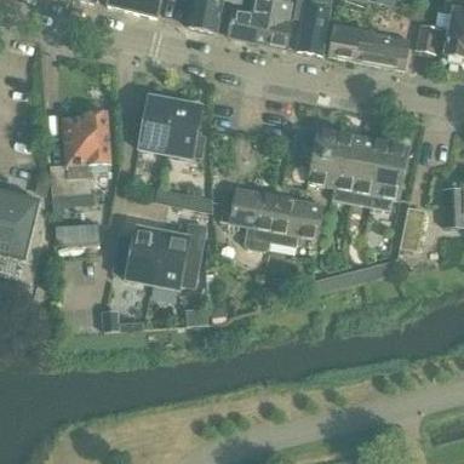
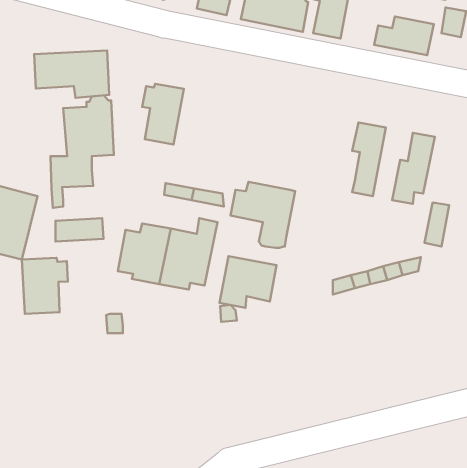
building: [330,25,373,59] -> none
building: none -> [34,51,109,98]
building: [166,101,205,157] -> none
building: [303,128,340,187] -> none
building: [353,137,390,205] -> none
building: [271,196,325,245] -> [219,256,276,308]
building: none -> [22,258,68,314]

